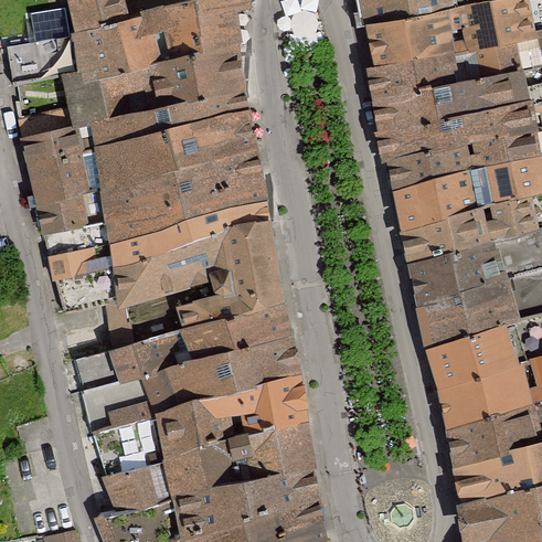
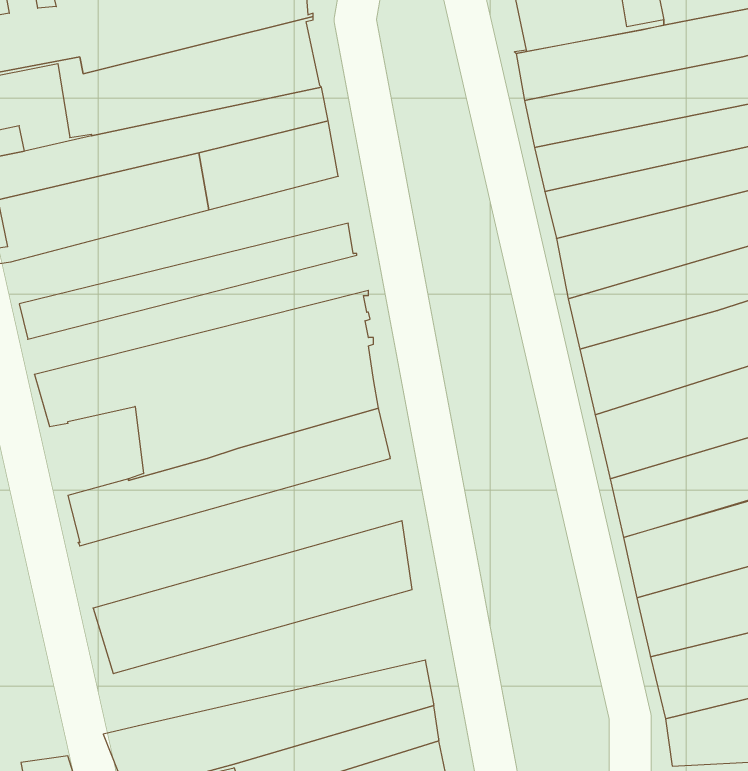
building: [39,149,261,233] -> none
building: [50,201,274,279] -> none
building: [84,334,296,433] -> none
building: [98,421,311,516] -> none

